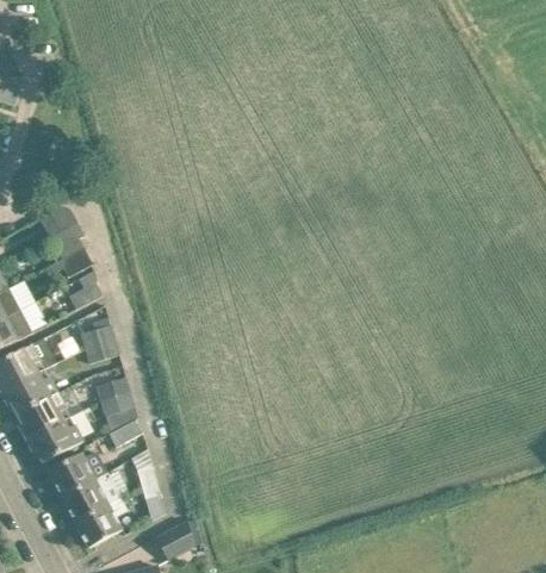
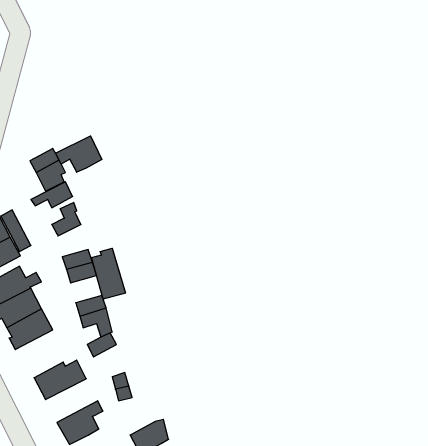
building: none -> [56,136,102,172]
building: none -> [92,248,125,299]
building: [25,416,81,462] -> none
building: [60,472,119,522] -> none

